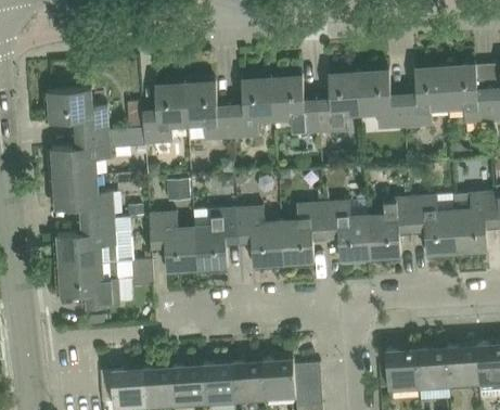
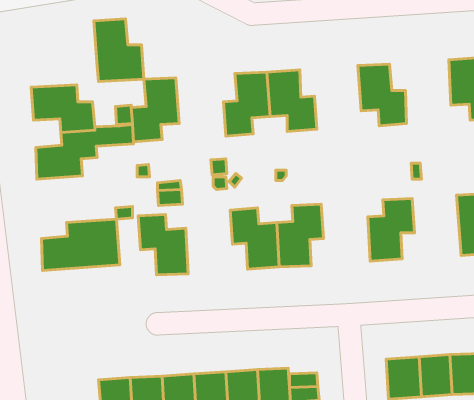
building: [403,66,447,127] -> none
building: [317,72,361,132] -> none
building: [184,81,232,141] -> [94,19,144,81]
building: [52,177,113,221] -> none
building: [410,195,457,255] -> none
building: [323,202,370,260] -> none
building: [194,209,239,270] -> none
building: [57,261,152,309] -> none

